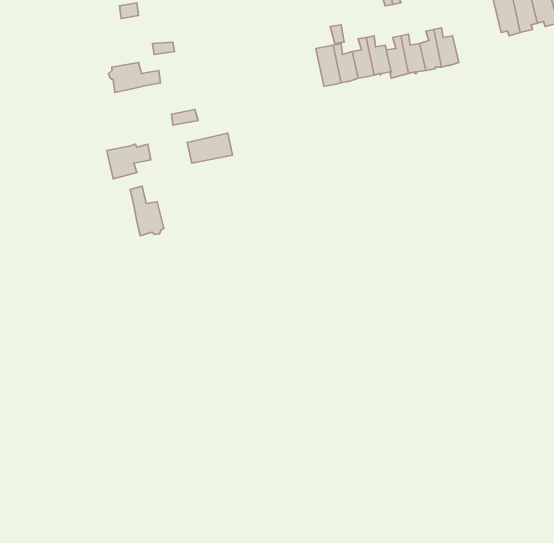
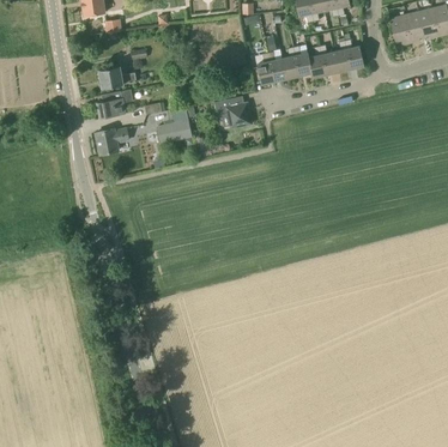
building: none -> [97,89,133,119]
building: none -> [214,96,252,126]
building: [130,186,164,236] -> none

